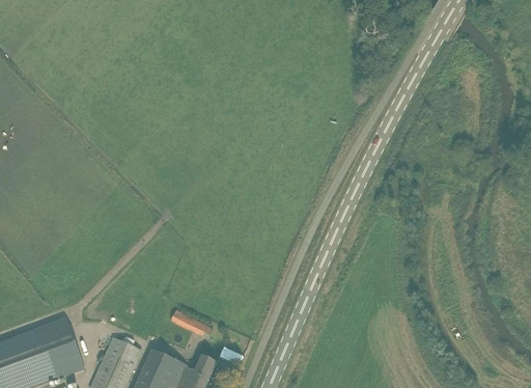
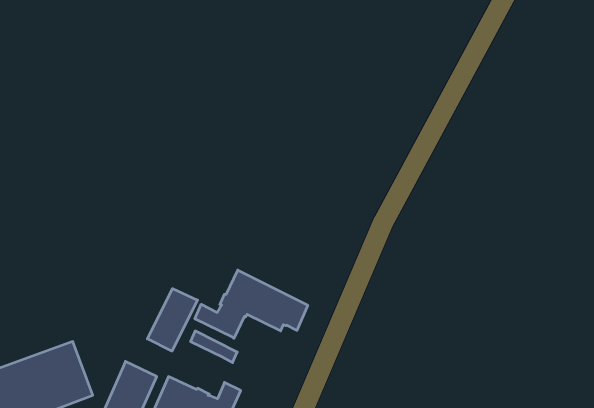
building: none -> [195,270,308,338]
building: none -> [147,289,198,351]

